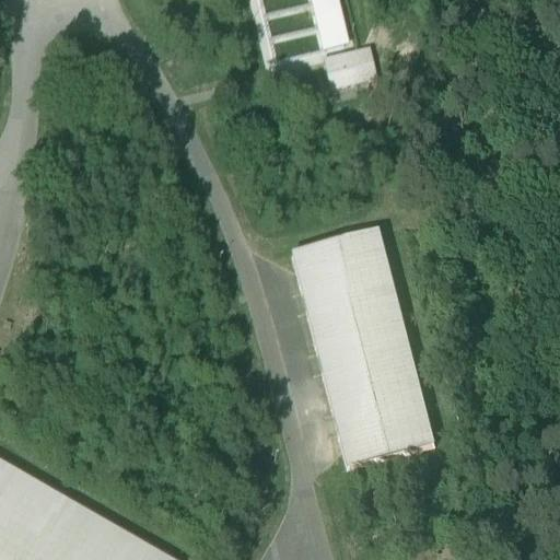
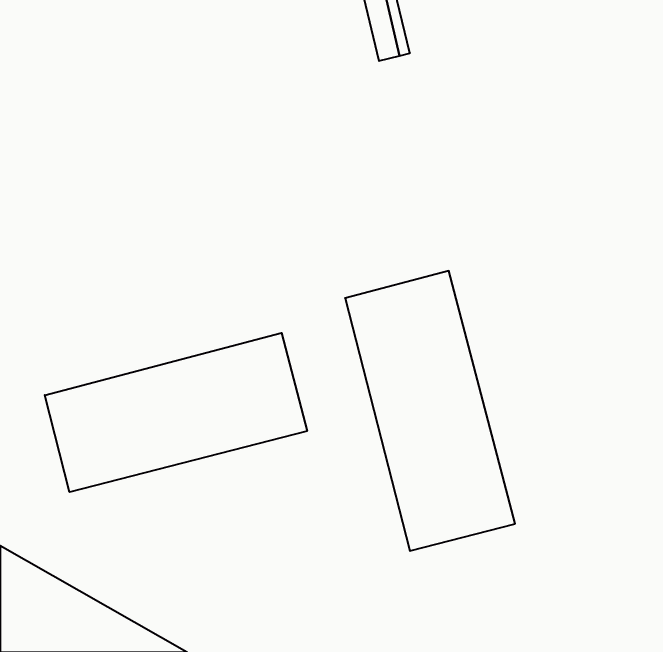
building: [322,46,375,88] -> none
building: none -> [45,333,307,492]

